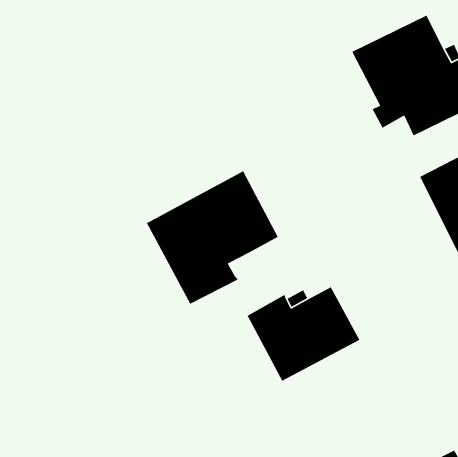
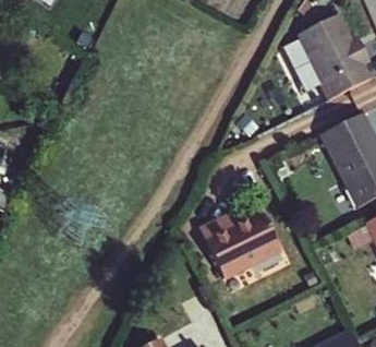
building: [146,170,279,305] -> none

